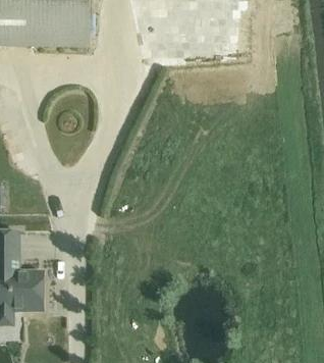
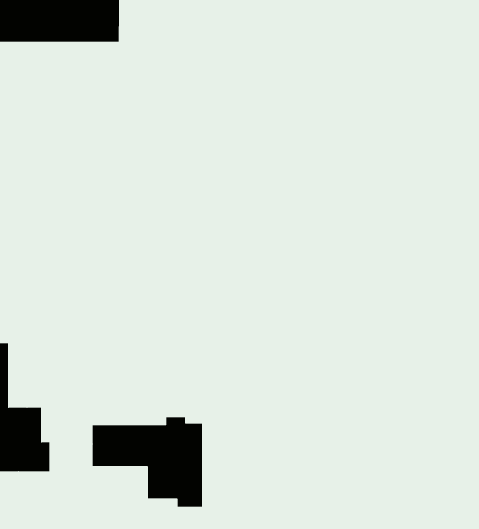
building: none -> [92,416,203,507]

